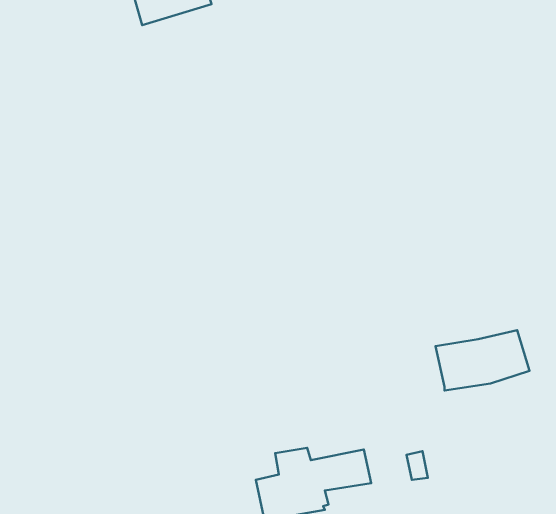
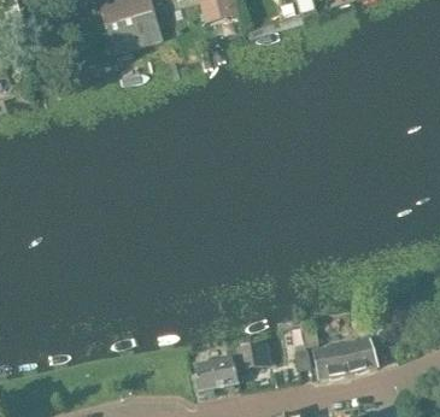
building: [436,330,530,391] -> [312,337,376,378]

